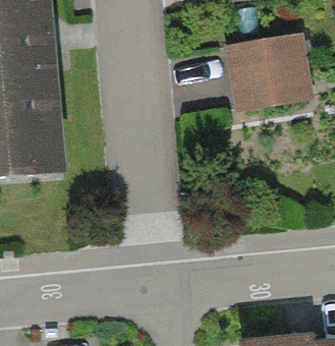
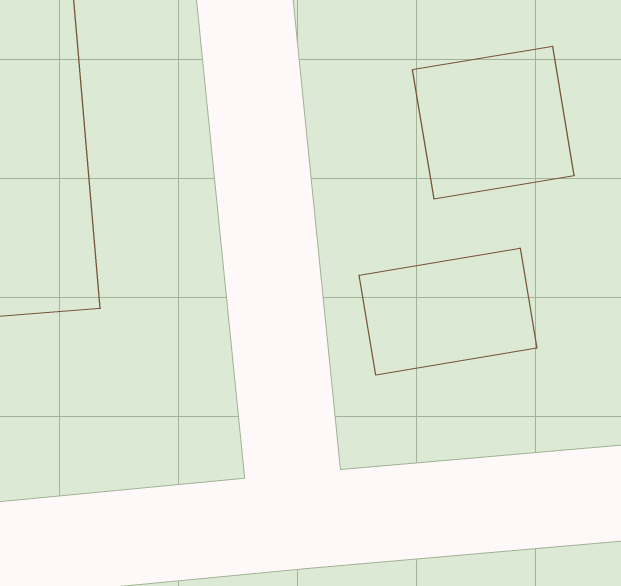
building: none -> [359,248,537,375]

